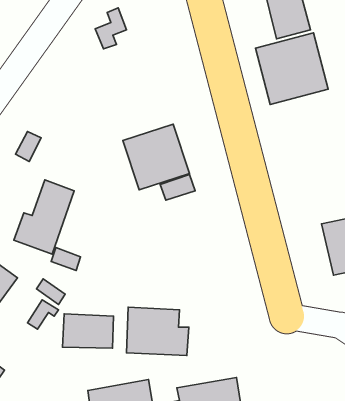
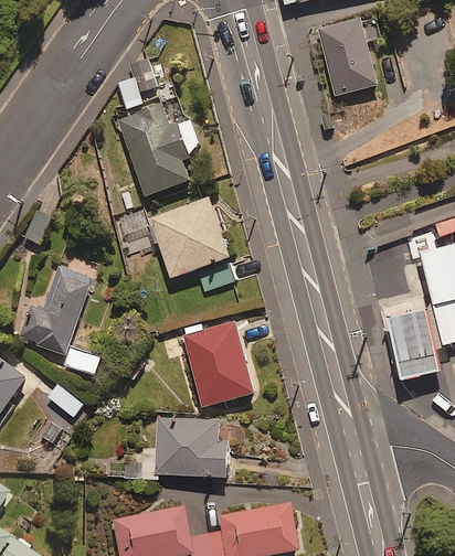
building: [255,33,328,105] -> none
building: none -> [117,104,201,196]
building: none -> [181,320,254,407]
building: [63,314,113,348] -> none

